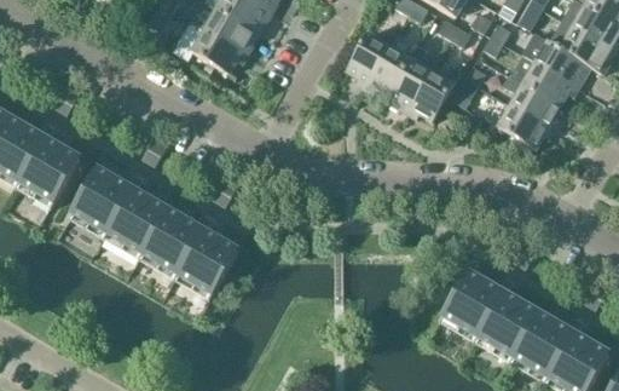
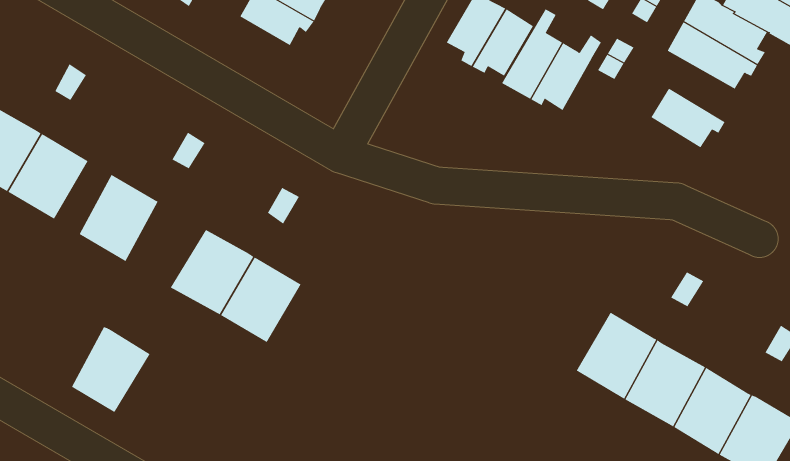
building: [505,75,561,128] -> none
building: [108,188,167,252] -> [71,327,151,413]

